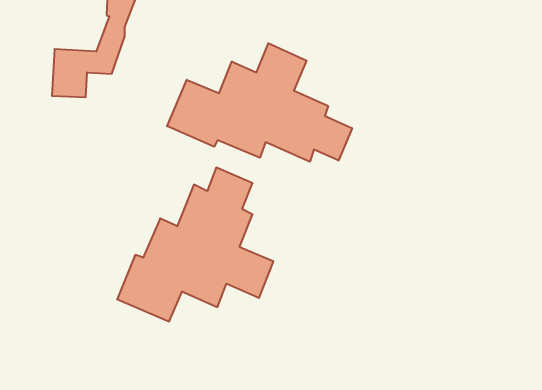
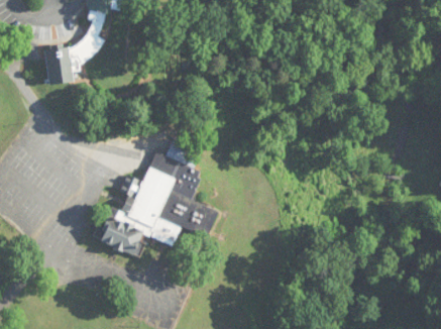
building: [167,43,352,162] -> none

